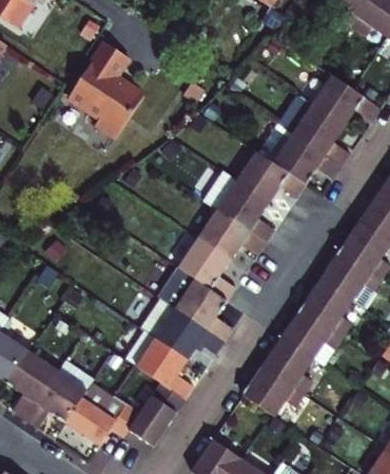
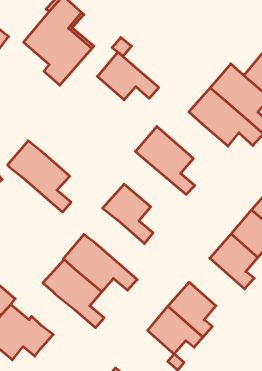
building: [237,151,305,202] -> [97,52,159,100]
building: [197,210,266,260] -> none
building: [158,268,232,341] -> [8,141,71,212]
building: [281,308,342,359] -> none
building: [128,382,185,446] -> none

